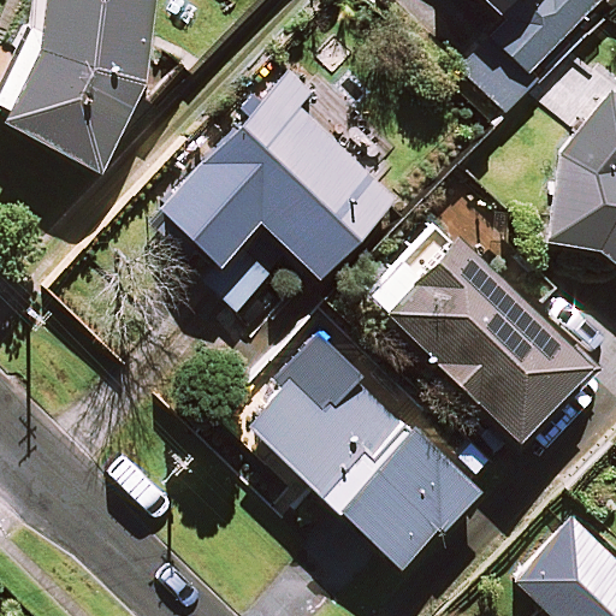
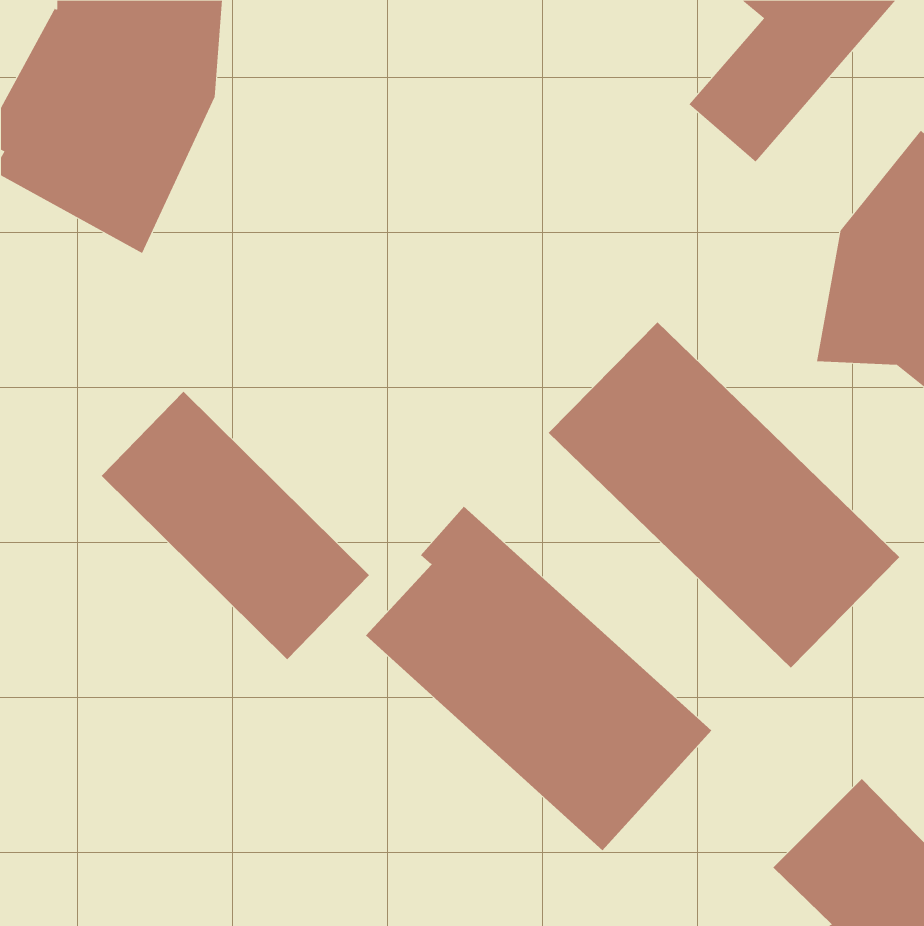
building: [160,85,392,312] -> none
building: none -> [101,391,370,660]

